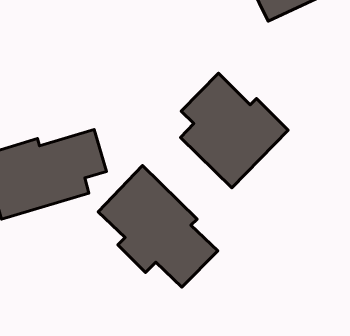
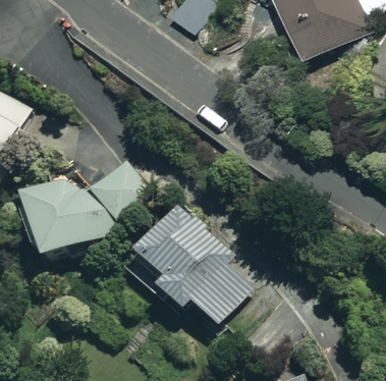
building: [181,73,288,188] -> none

